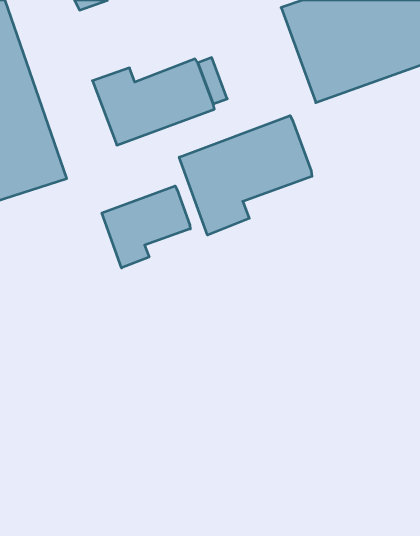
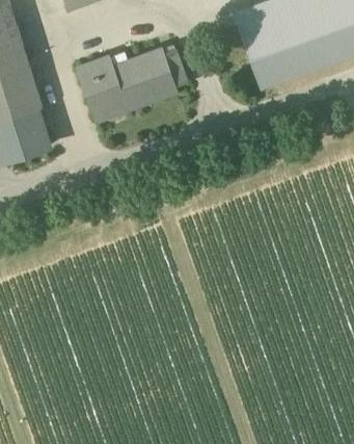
building: [179,116,312,235] -> none
building: [102,186,190,268] -> none

